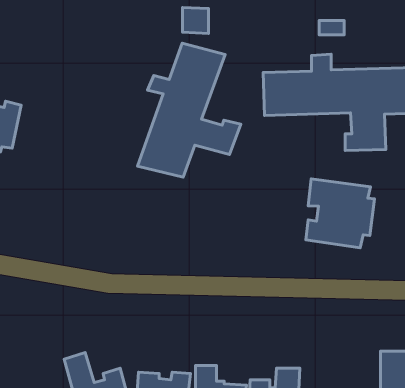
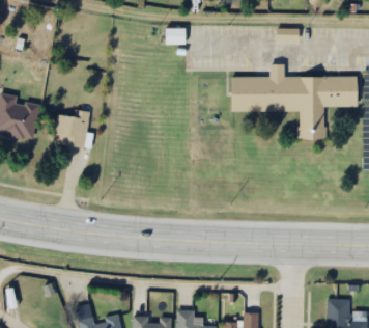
building: [137,43,241,177] -> none
building: none -> [53,102,91,144]
building: [306,179,375,248] -> none

